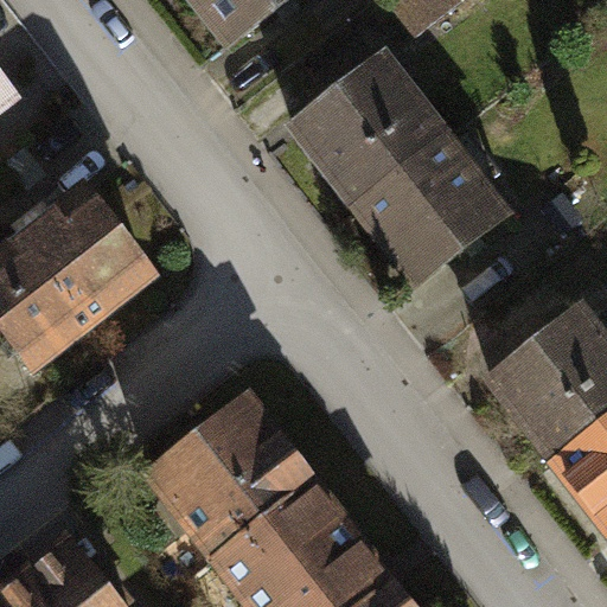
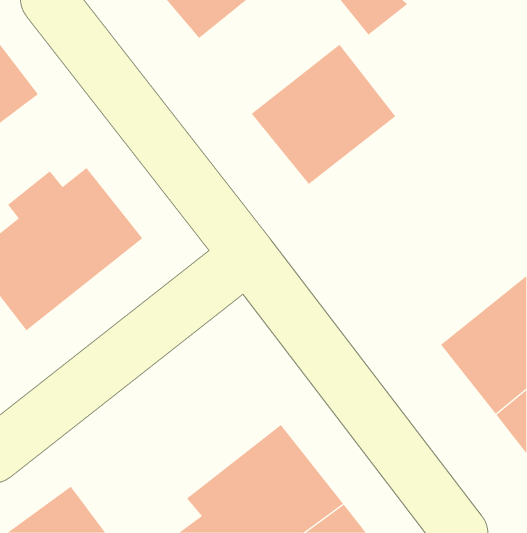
building: [350,132,513,290] -> none
building: [140,391,319,566] -> none

